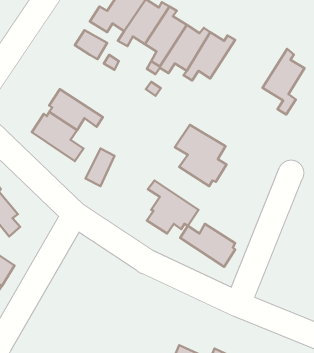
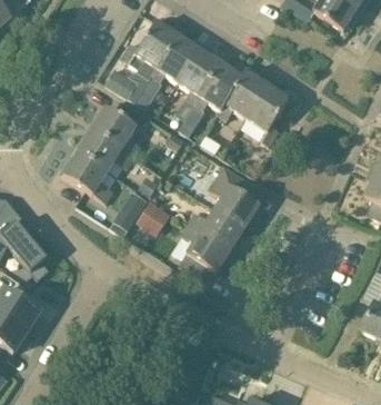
building: [263,49,305,115] -> [243,78,287,146]
building: none -> [88,108,141,158]
building: none -> [134,200,169,236]
building: [180,224,235,267] -> [186,209,242,254]

